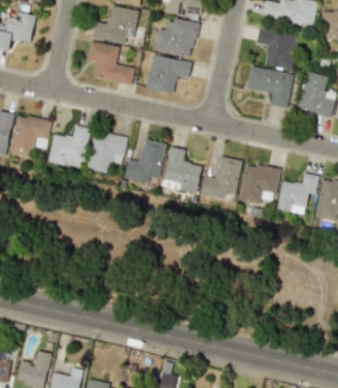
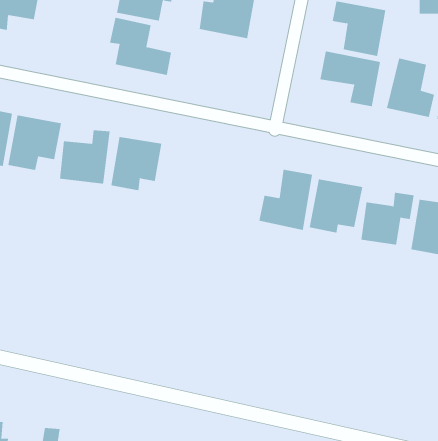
building: [145,54,191,93] -> none
building: [124,139,165,182] -> none
building: [163,146,201,192] -> none

